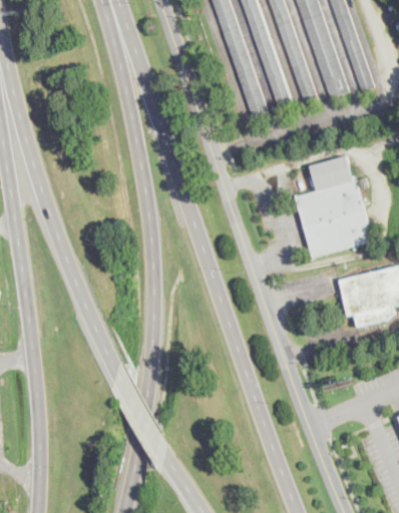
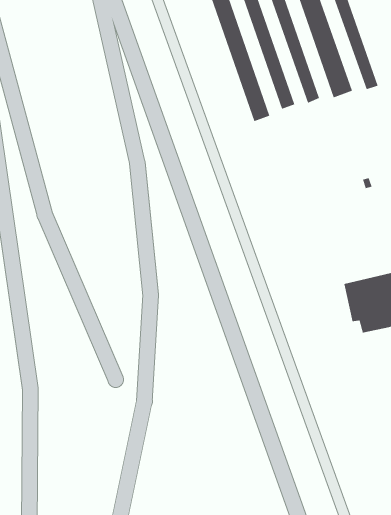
building: [297,155,374,258] -> none

